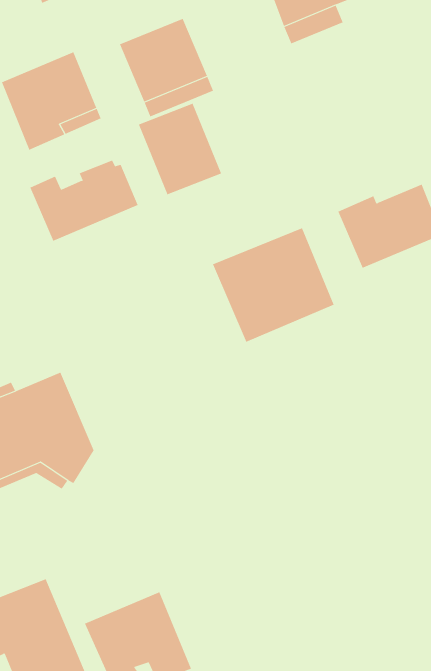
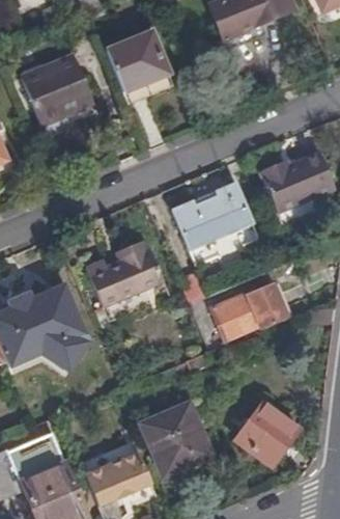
building: [138,103,222,195] -> none
building: [29,160,139,241] -> [85,246,163,304]
building: none -> [212,283,288,336]
building: none -> [235,402,299,464]
building: none -> [144,408,216,482]

